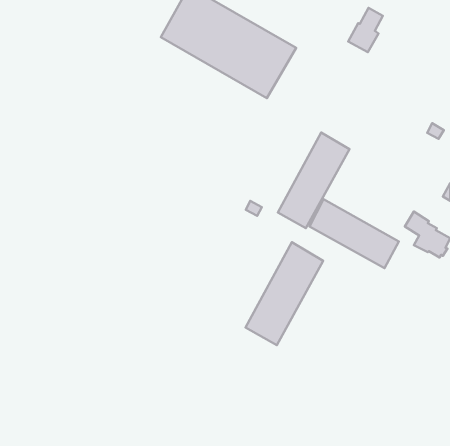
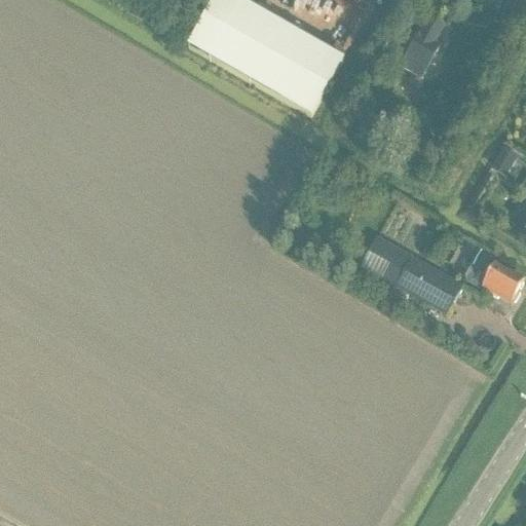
building: [278,133,349,228] -> none
building: [246,242,323,345] -> none

